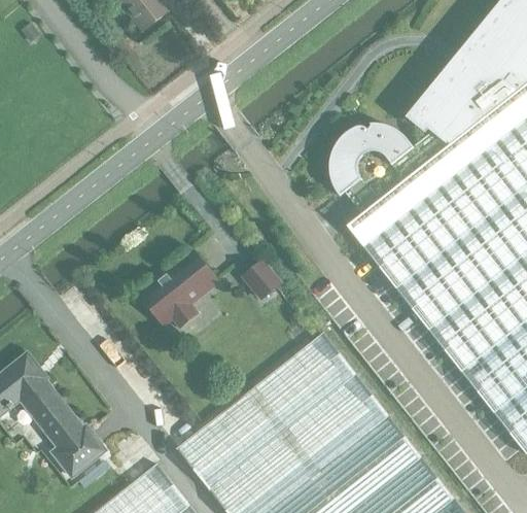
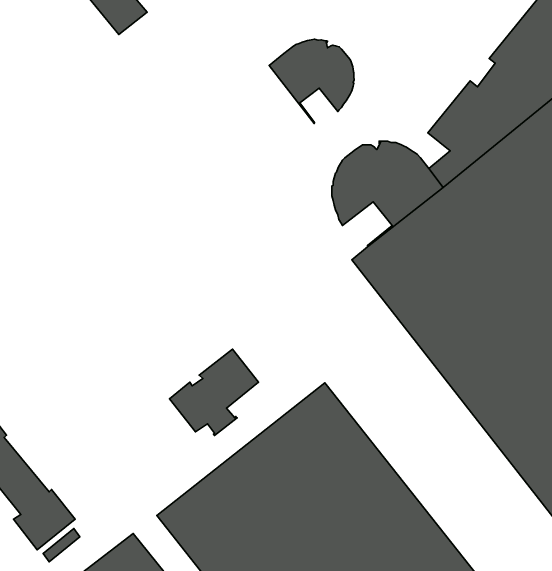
building: none -> [269,39,354,123]
building: [141,254,218,330] -> [170,349,258,436]
building: [243,262,281,300] -> none

